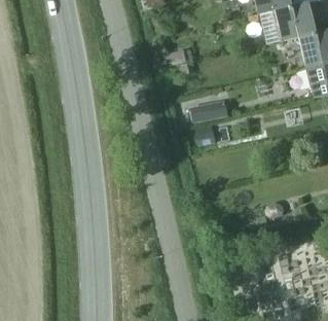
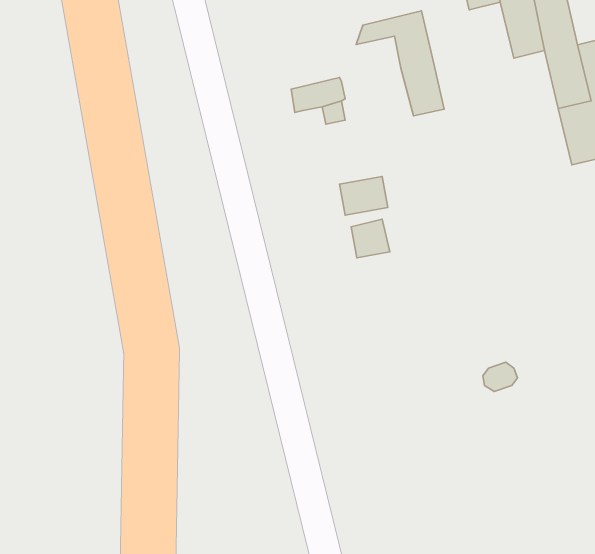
building: none -> [356,11,444,116]

